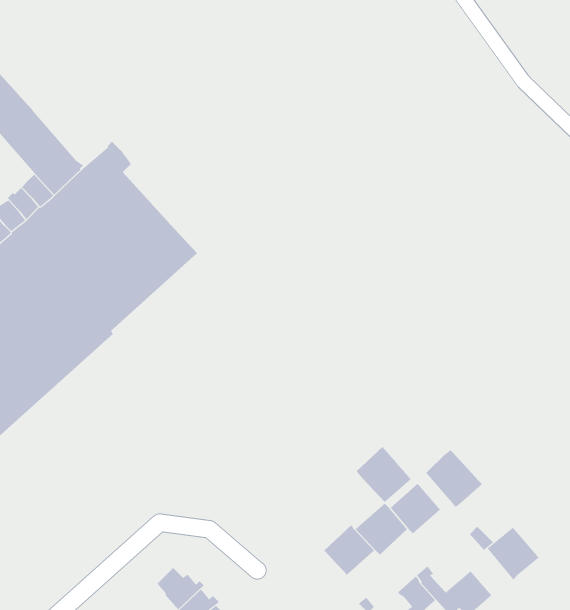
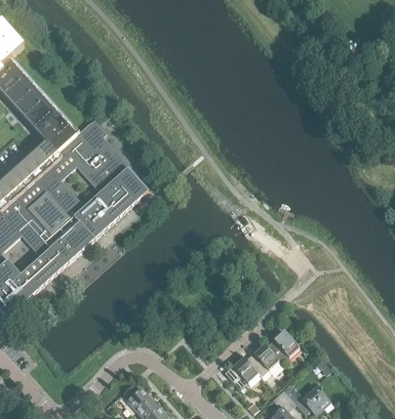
building: [356,446,412,503] -> none
building: [425,449,483,508] -> none
building: [487,527,540,581] -> none

